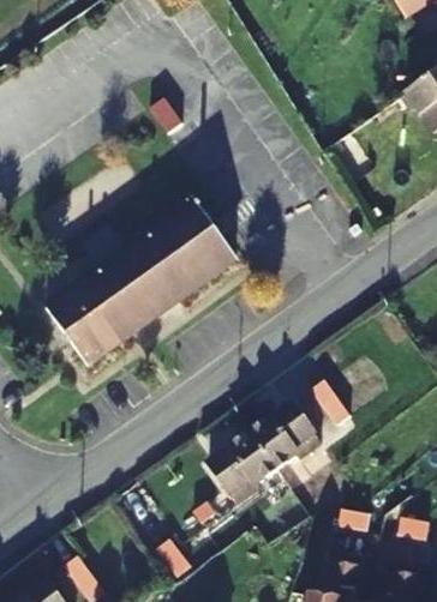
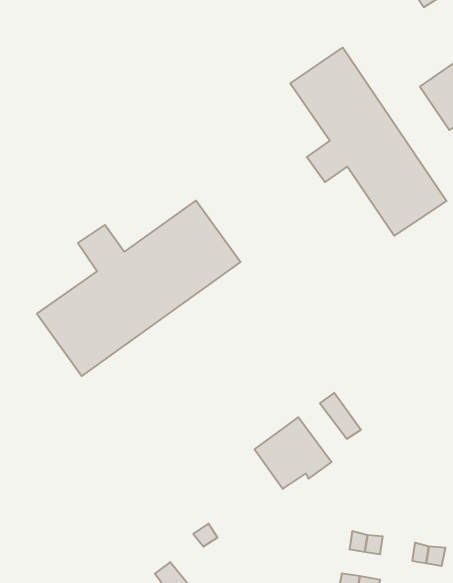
building: none -> [290,48,447,236]
building: [209,433,276,505] -> none

